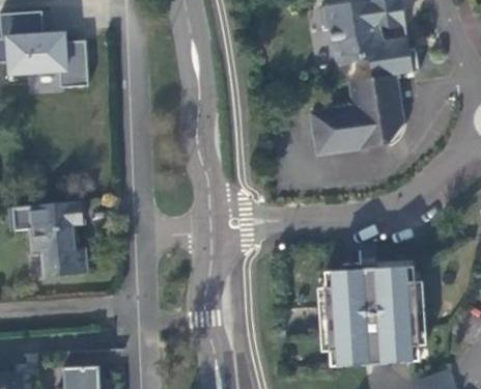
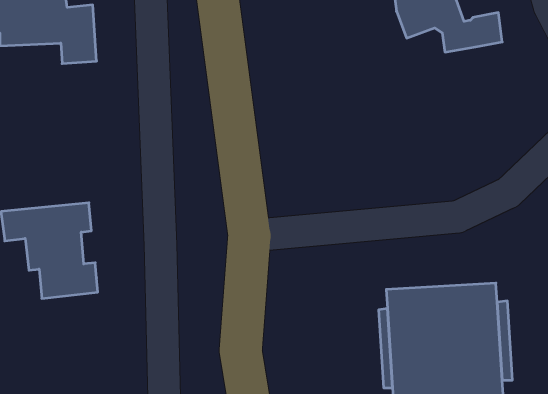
building: [309,75,403,155] -> none

